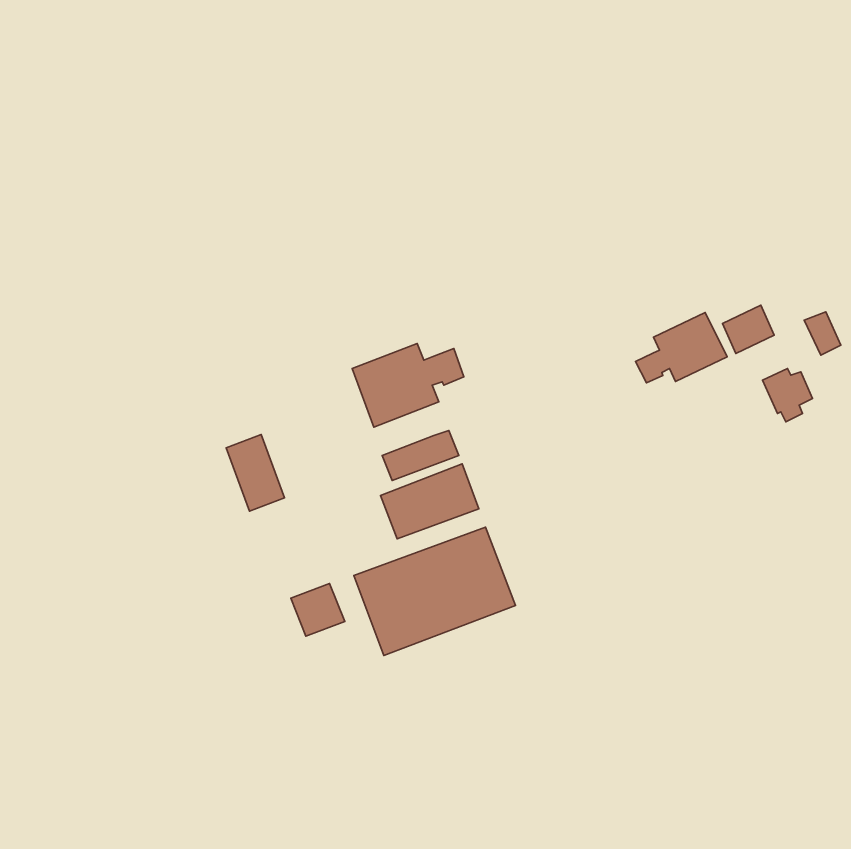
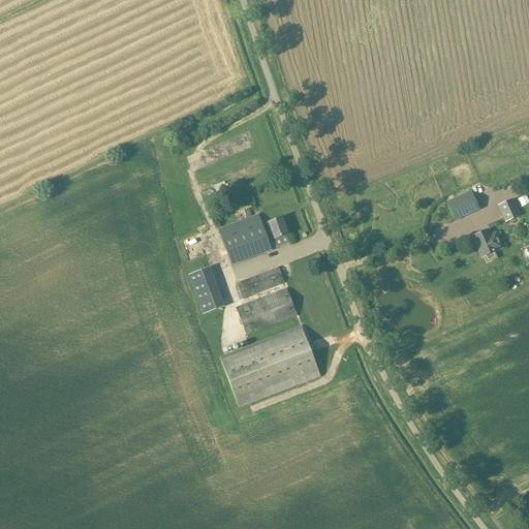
building: [636,312,727,383] -> none
building: [226,434,285,511] -> [189,267,225,314]
building: [291,584,345,636] -> none

